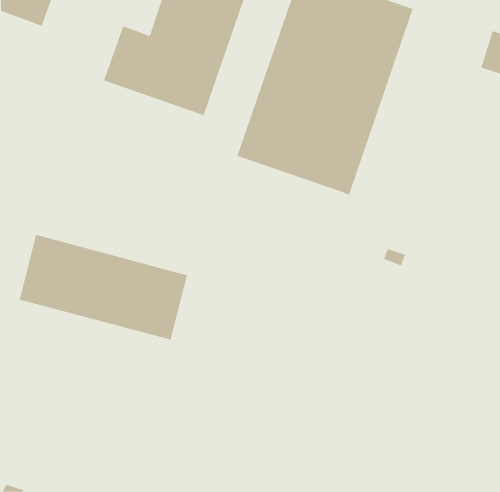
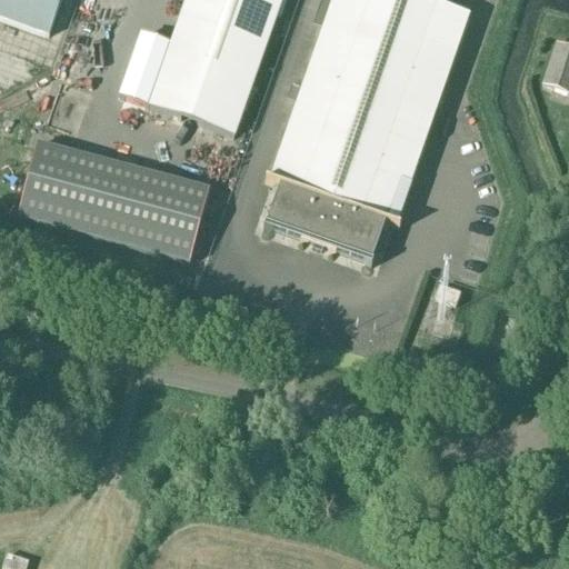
building: none -> [264,180,387,261]
building: [19,234,188,340] -> [19,138,210,258]

